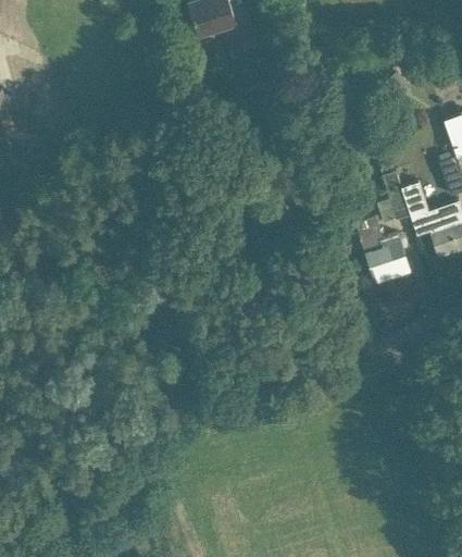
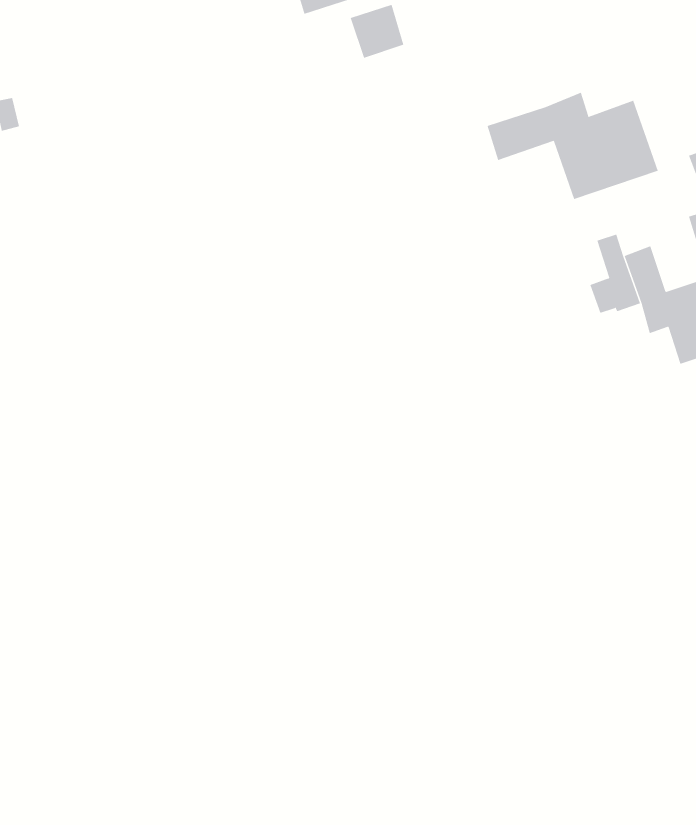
building: none -> [487,92,659,200]
building: [358,218,410,284] -> none

